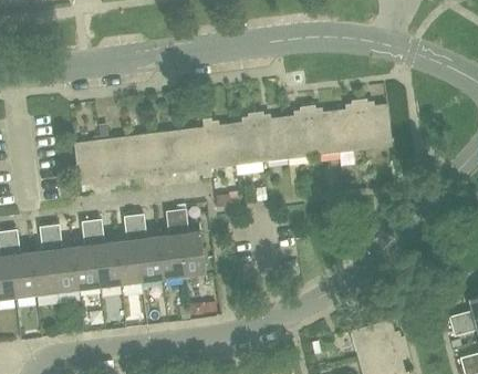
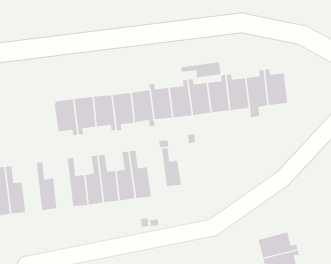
building: none -> [180,62,222,78]
building: none -> [161,147,182,187]
building: [74,220,100,289] -> none
building: [31,226,58,294] -> none

